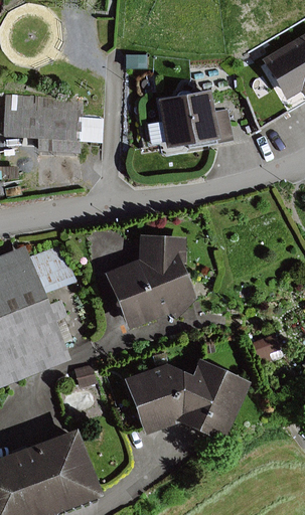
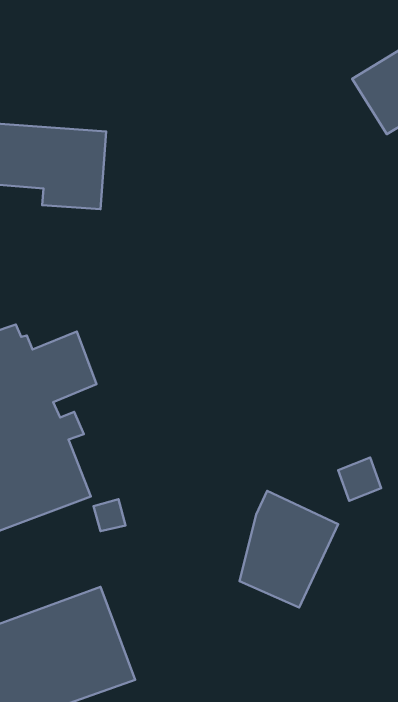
building: [157,90,233,148] -> none
building: [106,233,196,330] -> none
building: [124,363,191,436] -> none

